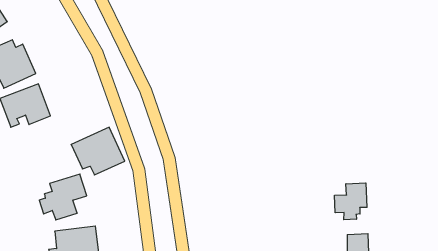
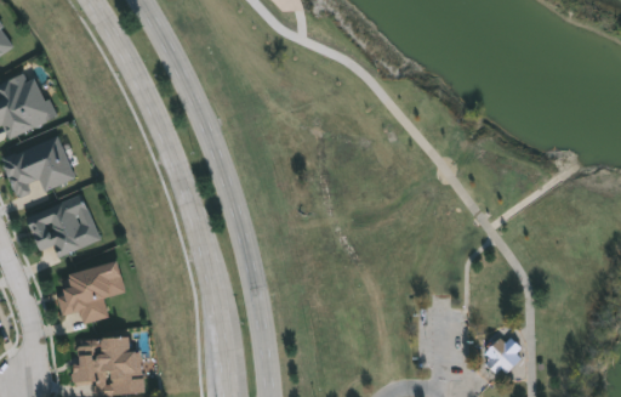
building: [71,127,125,175] -> [25,192,101,259]
building: [335,183,367,220] -> none

